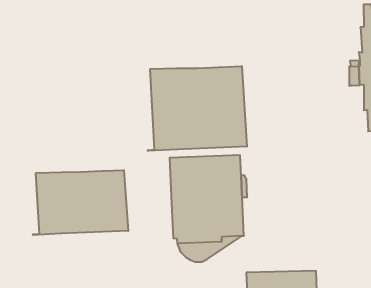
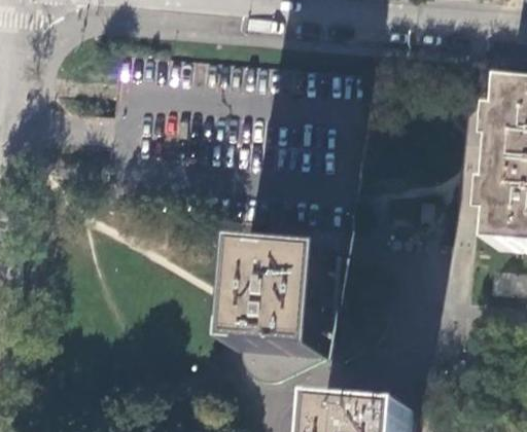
building: [148,66,247,151] -> none
building: [33,170,128,235] -> none

